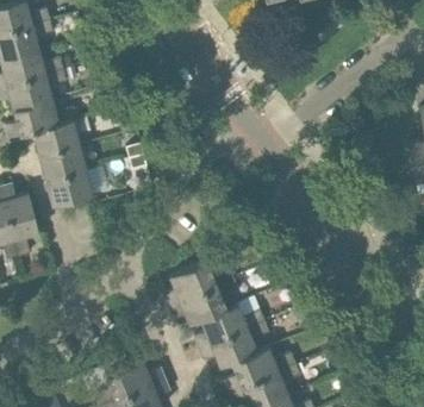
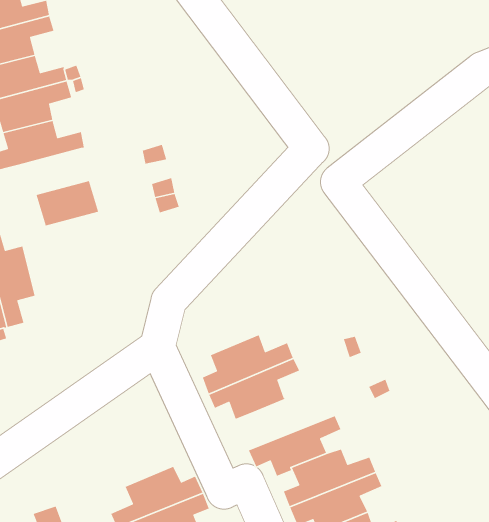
building: [33,124,80,158] -> none
building: [46,171,93,208] -> none
building: [194,306,264,350] -> none

